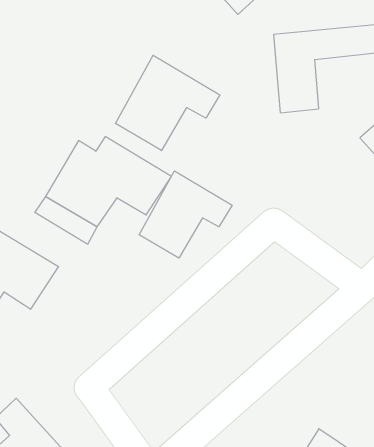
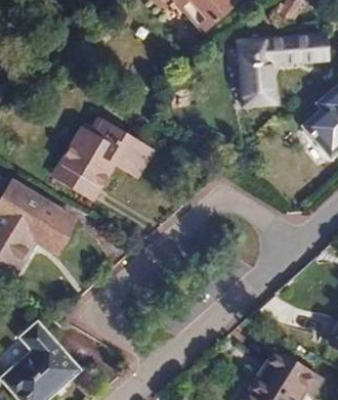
building: [115,55,220,151] -> none
building: [139,171,232,258] -> none

